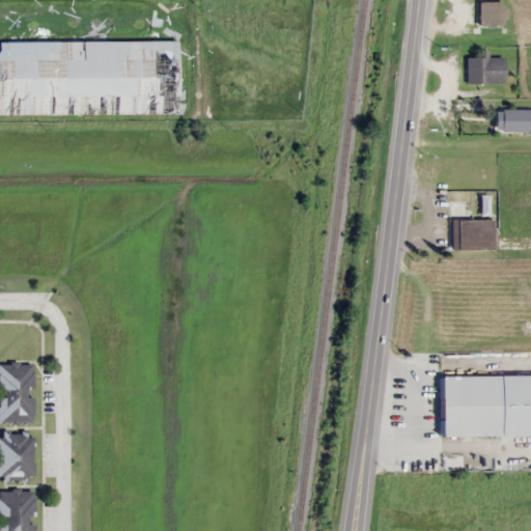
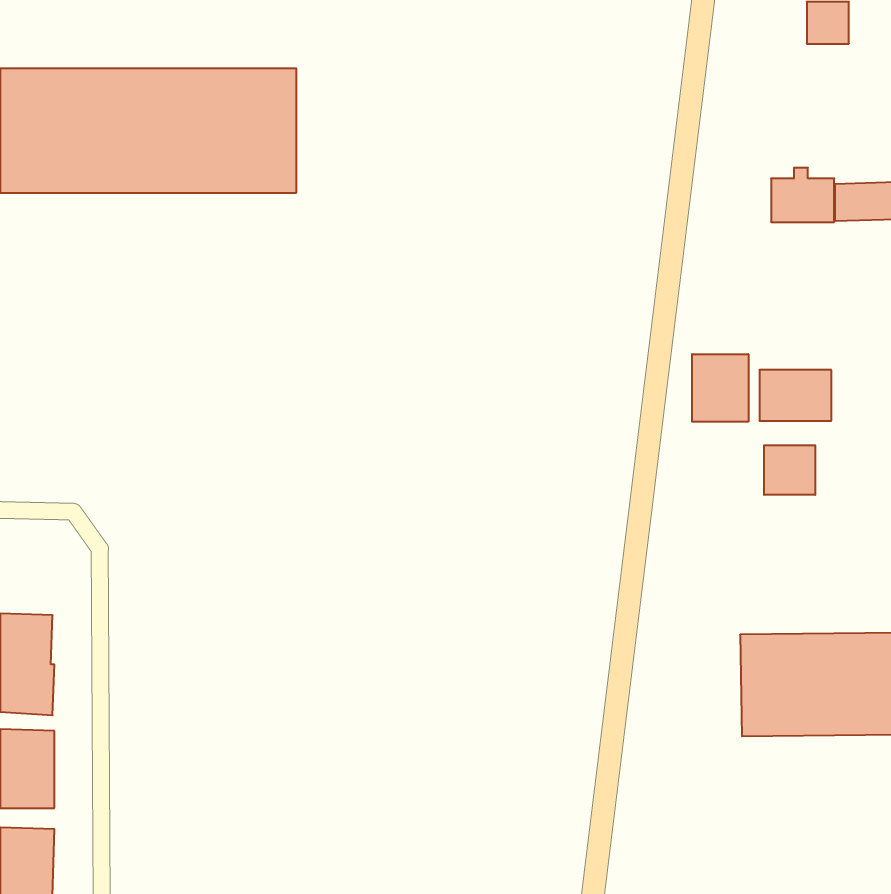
building: [468,52,505,84] -> [771,168,834,222]
building: none -> [692,354,748,422]
building: none -> [764,445,815,495]

